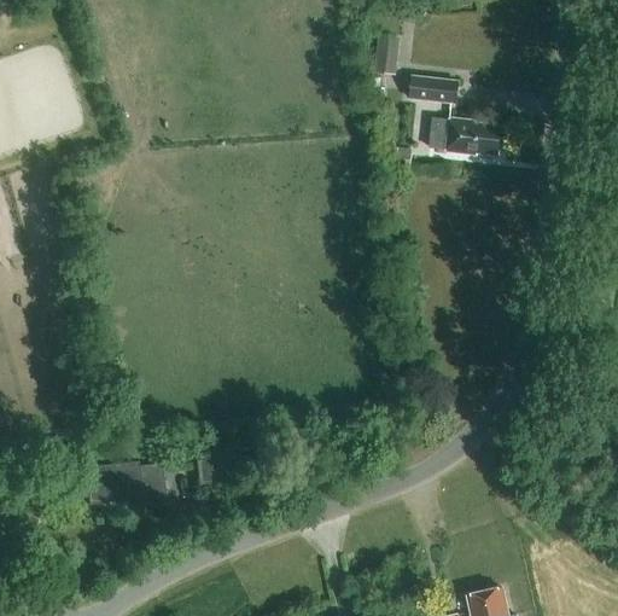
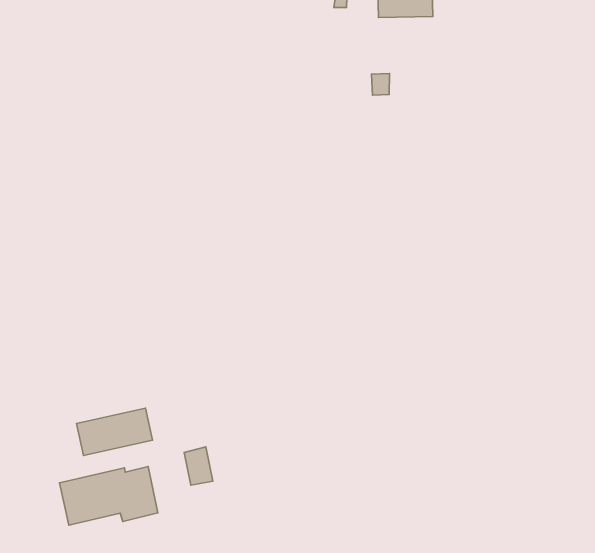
building: [428,116,503,155] -> none
building: none -> [77,408,152,455]

